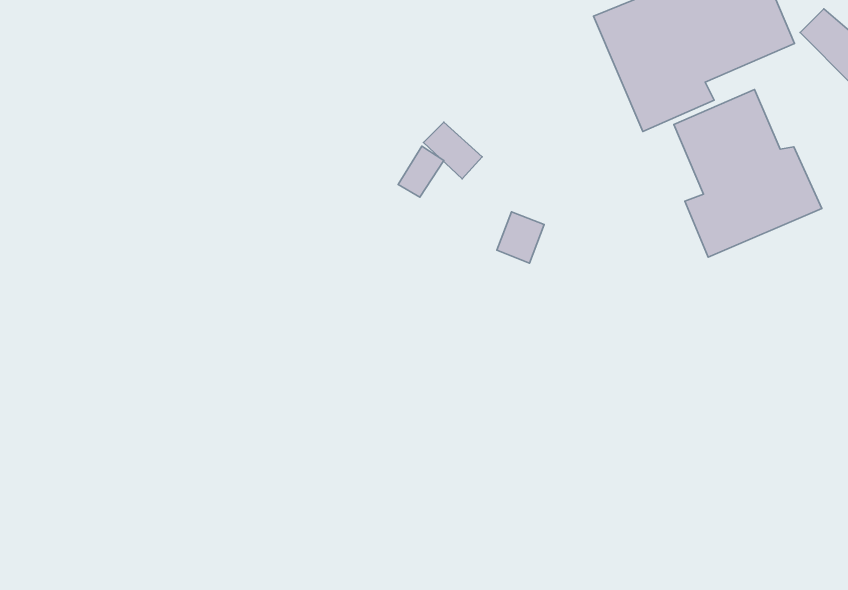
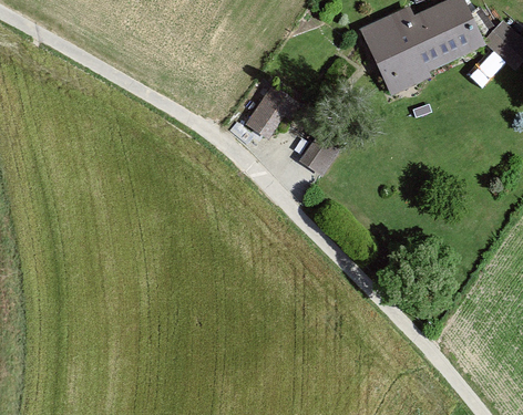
building: [674,89,822,257] -> none

